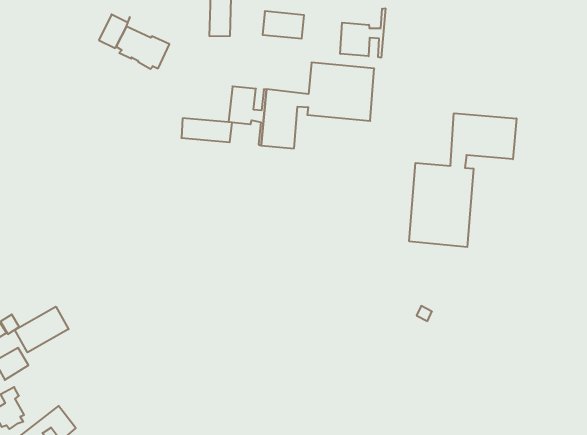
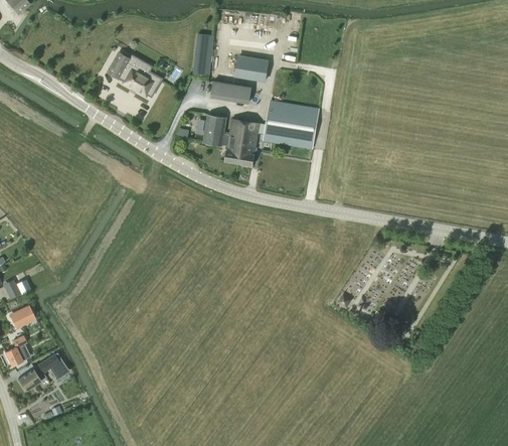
building: [340,8,385,58] -> none
building: [409,113,516,247] -> none
building: [181,118,232,142] -> [211,82,251,103]
building: [15,307,69,352] -> none

